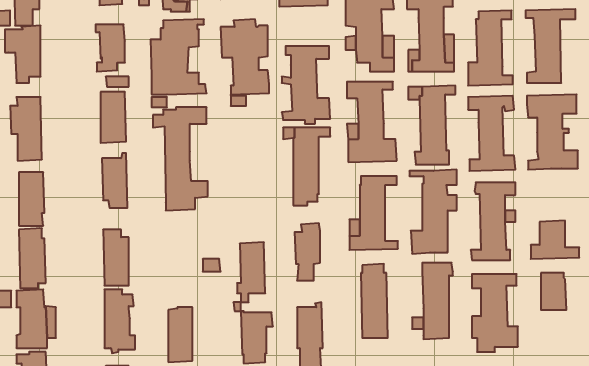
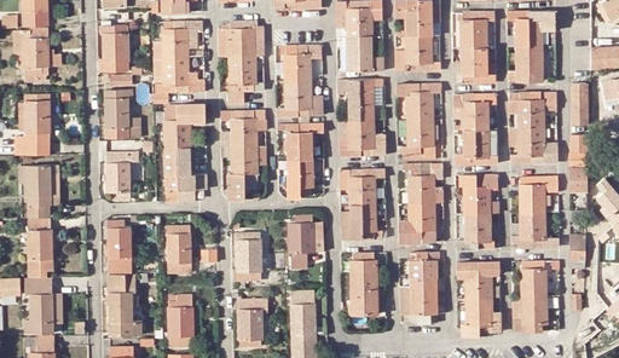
building: none -> [220,111,264,200]
building: none -> [520,177,556,213]
building: none -> [166,225,190,273]
building: none -> [513,296,546,331]

